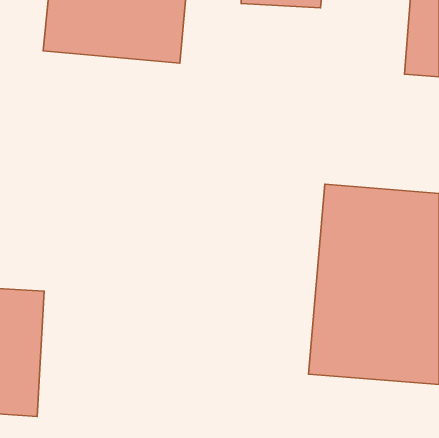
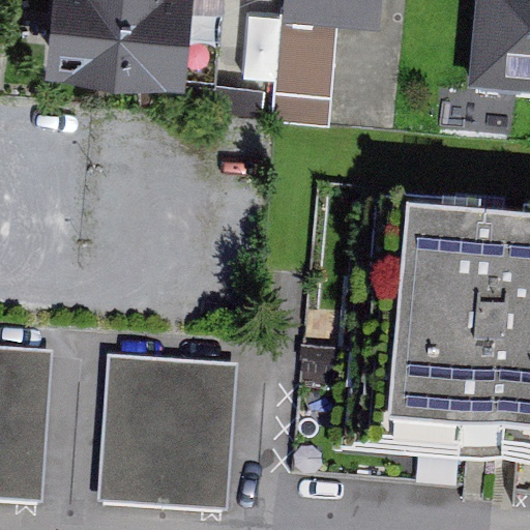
building: none -> [242,8,338,116]
building: none -> [100,355,240,508]

